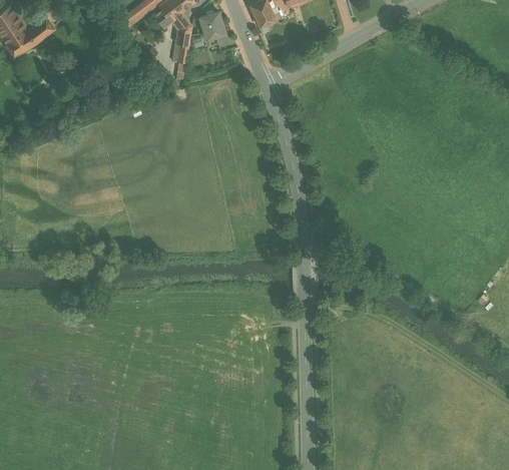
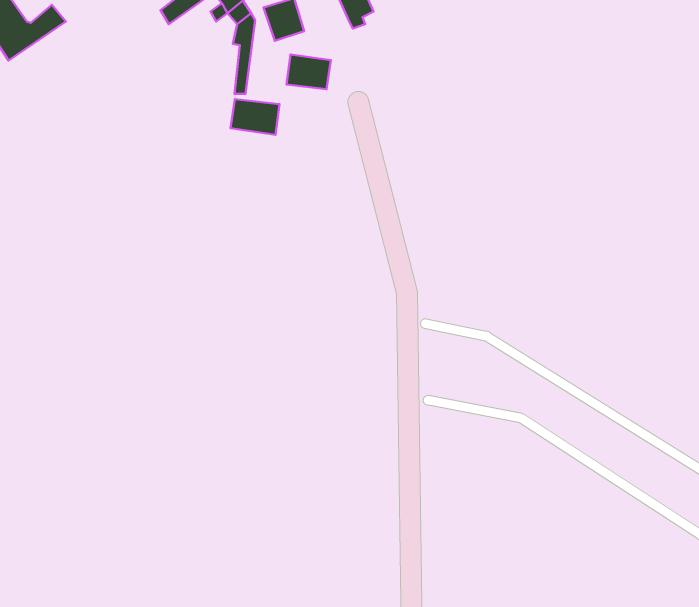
building: none -> [287,54,331,89]
building: none -> [230,99,280,135]

